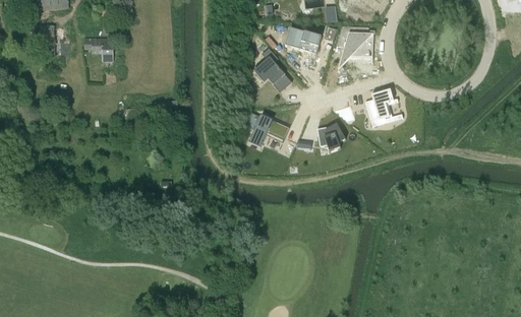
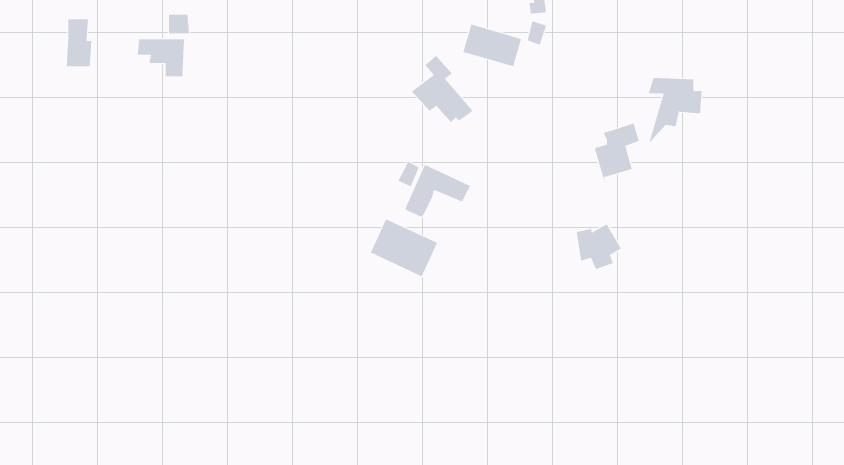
building: [340,25,373,67] -> [648,77,702,145]
building: [317,123,346,151] -> [576,224,622,270]
building: none -> [370,219,438,277]

